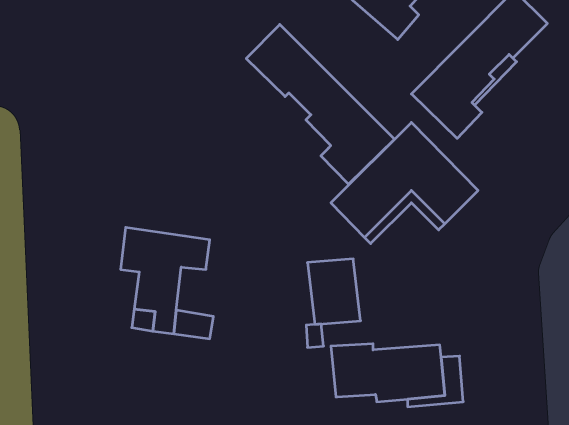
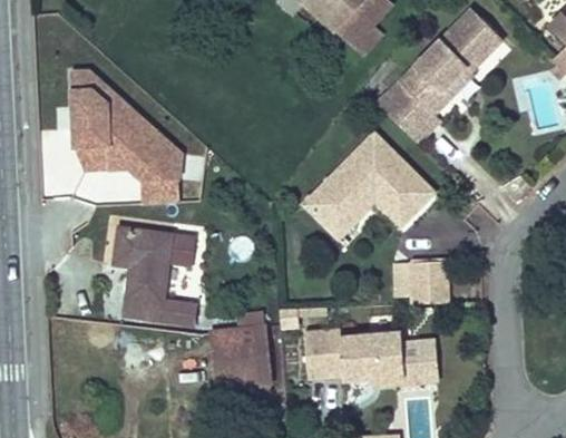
building: [246,24,395,184] -> none
building: none -> [71,71,182,204]
building: [307,259,361,324] -> [213,327,261,386]
building: none -> [410,259,449,302]

